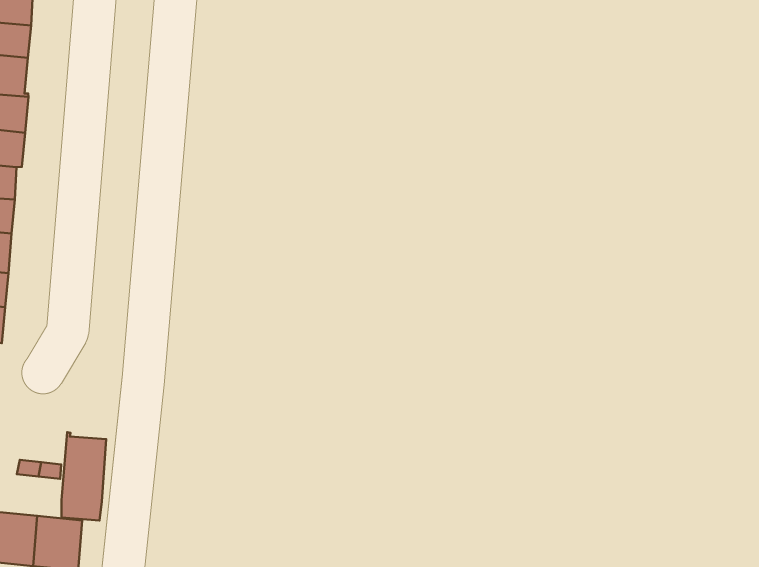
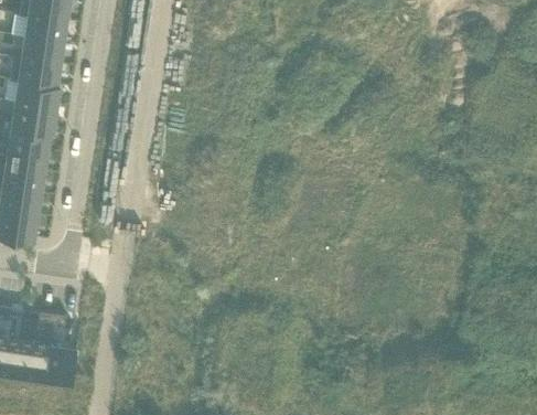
building: [61,432,106,520] -> none

